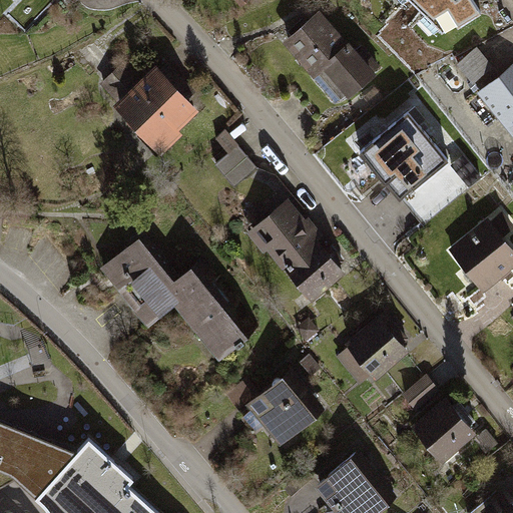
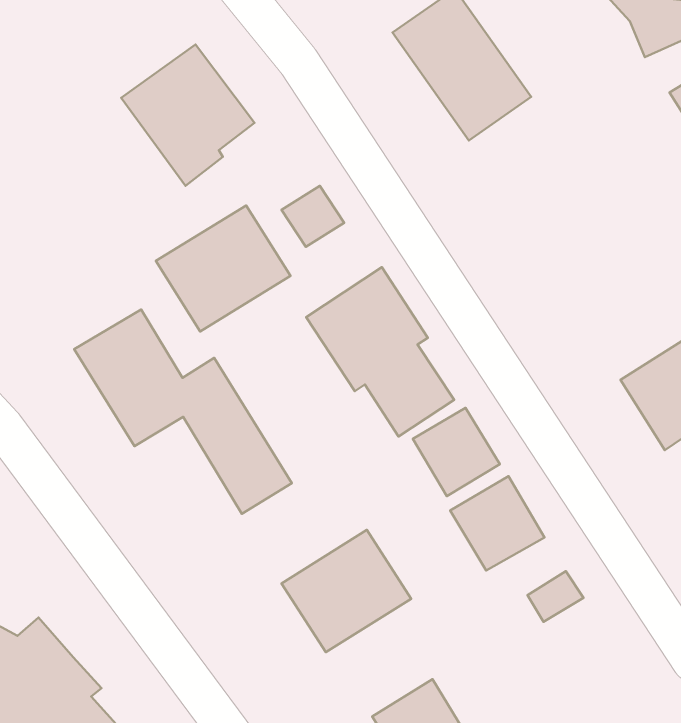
building: [365,107,451,203] -> none
building: none -> [156,205,291,331]
building: none -> [413,408,500,496]
building: [417,401,479,464] -> none

